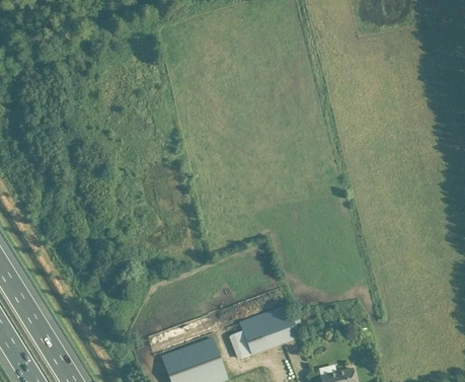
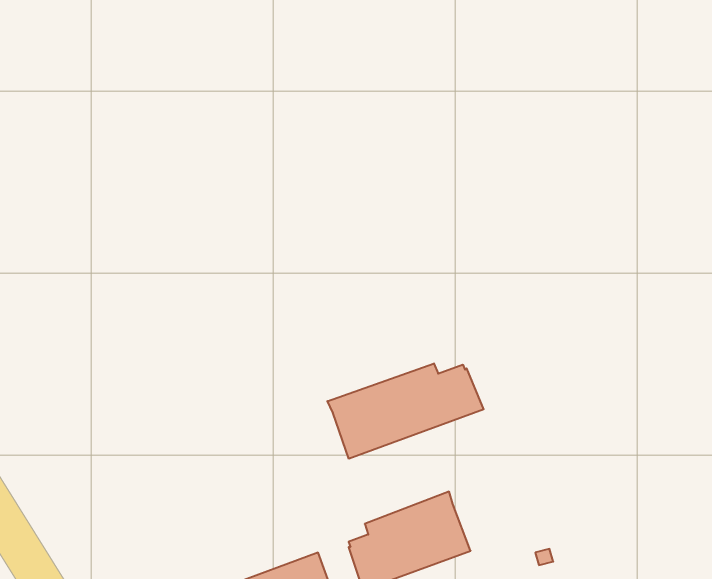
building: none -> [327,363,484,459]

